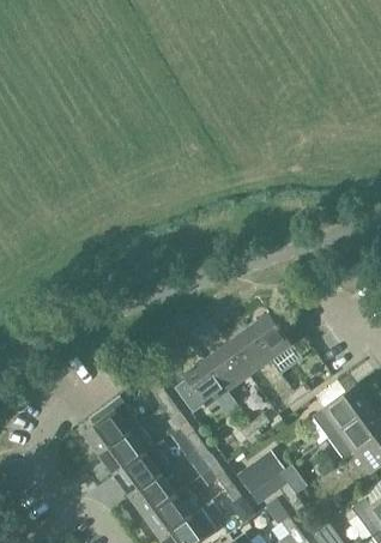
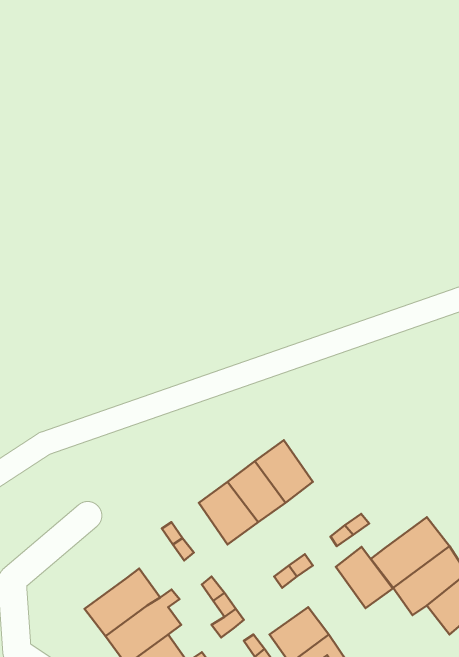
building: [247,314,291,361] -> none
building: [83,397,139,455] -> none
building: none -> [336,547,393,608]

